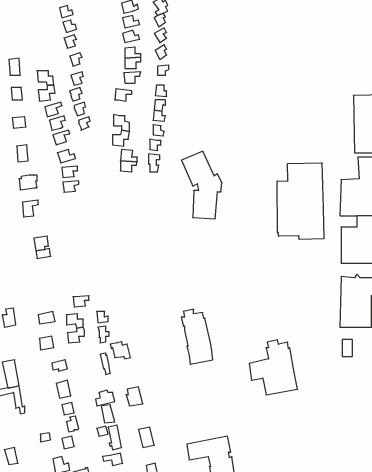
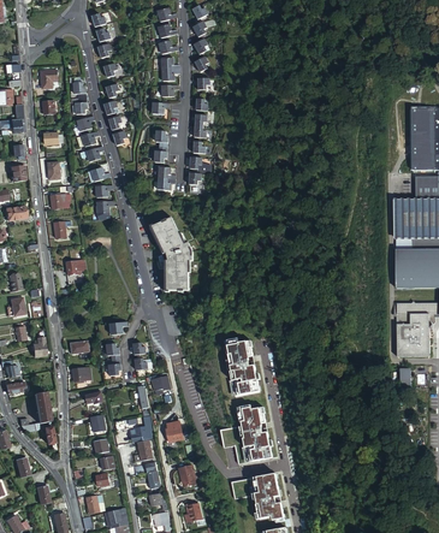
building: [181,151,222,219] -> [149,218,192,290]
building: [277,163,324,239] -> none
building: [249,340,298,395] -> [220,405,272,464]

